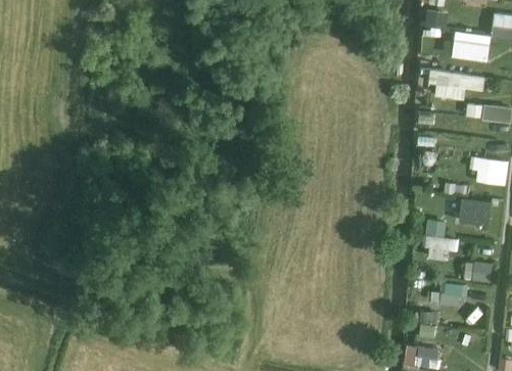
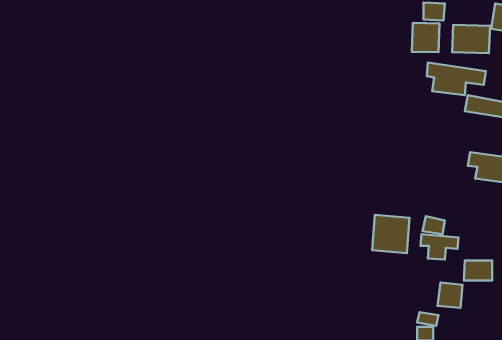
building: none -> [412,23,439,52]
building: [457,197,492,227] -> none
building: none -> [372,215,410,253]

